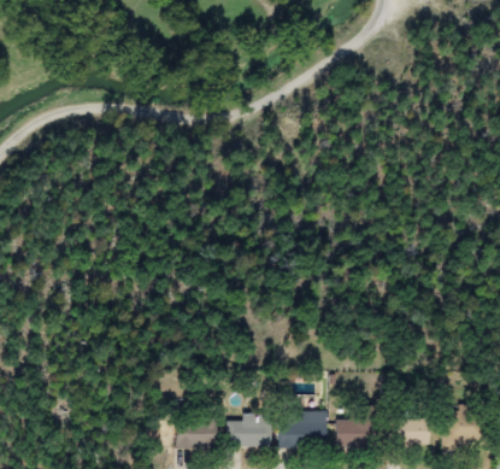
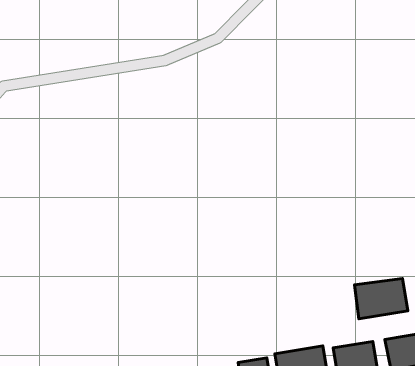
building: none -> [355,278,408,319]

